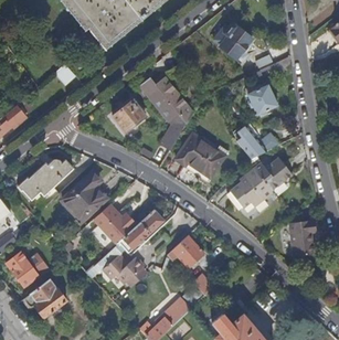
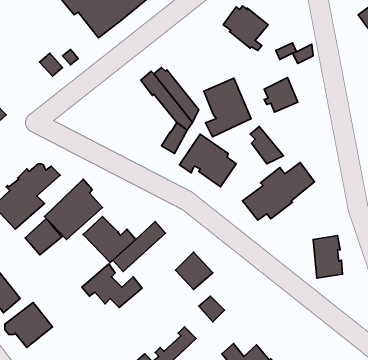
building: none -> [204,78,251,137]
building: [113,99,146,131] -> none
building: none -> [25,219,62,255]

